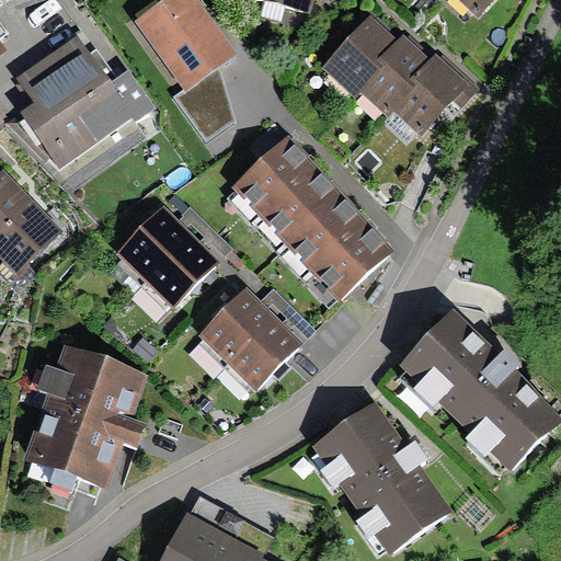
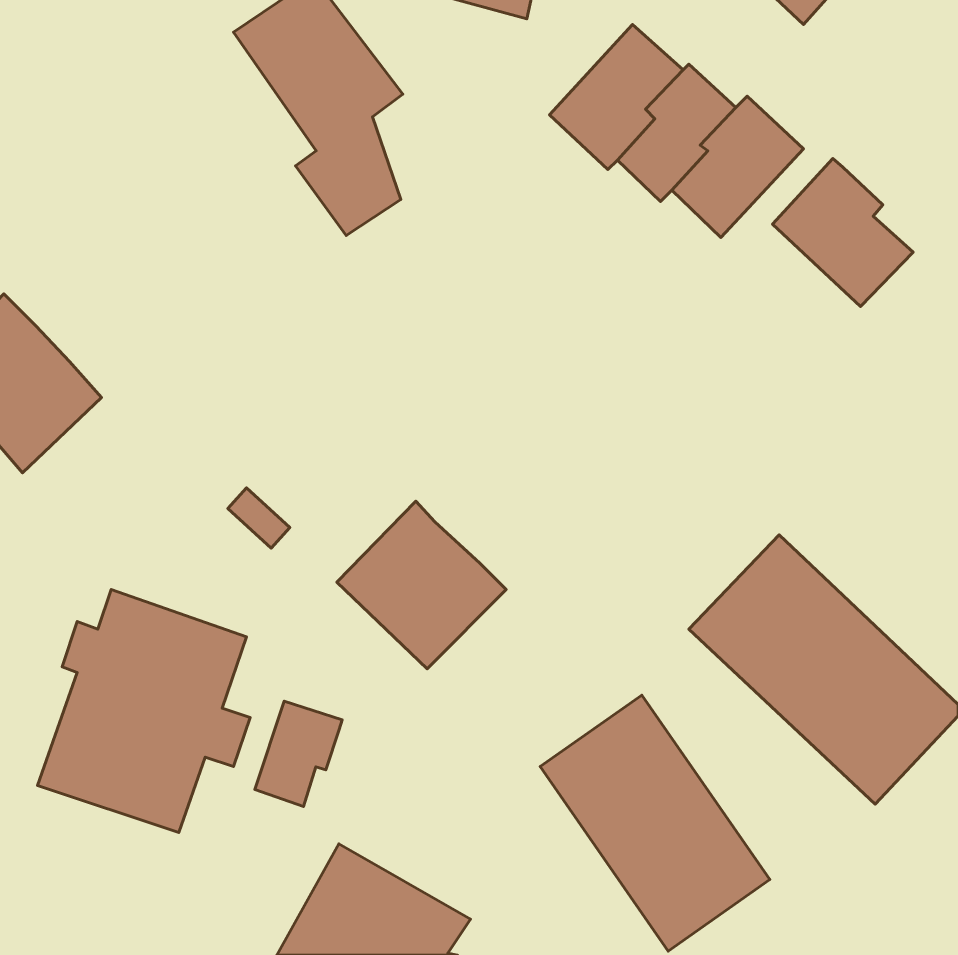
building: [16,35,152,173] -> none
building: none -> [773,159,913,307]
building: [229,129,394,299] -> none
building: [119,210,216,307] -> none
building: none -> [255,701,342,806]

